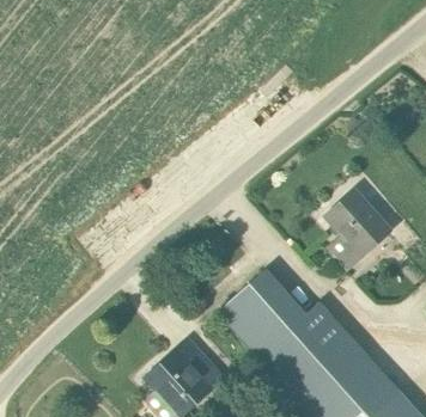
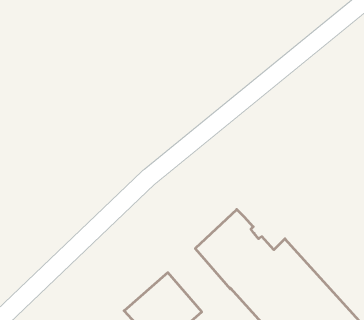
building: [325,189,389,266] -> none

